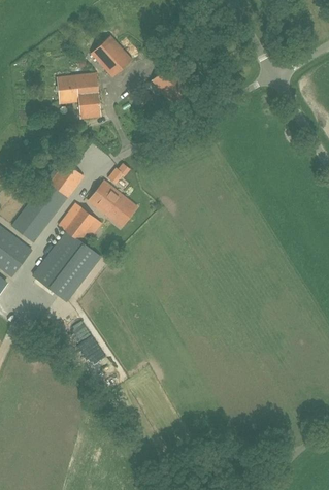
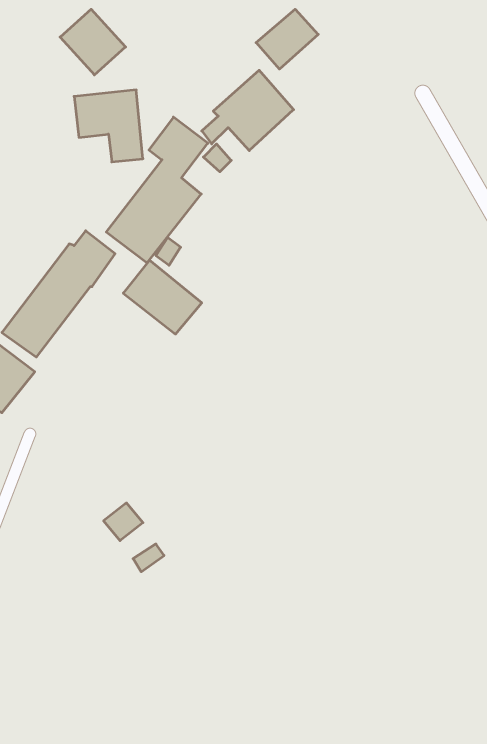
building: none -> [256,9,318,69]
building: [91,36,132,77] -> [60,9,126,75]
building: [33,203,97,295] -> [106,117,208,263]

